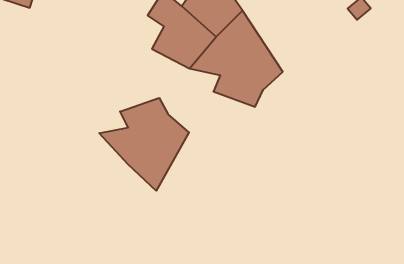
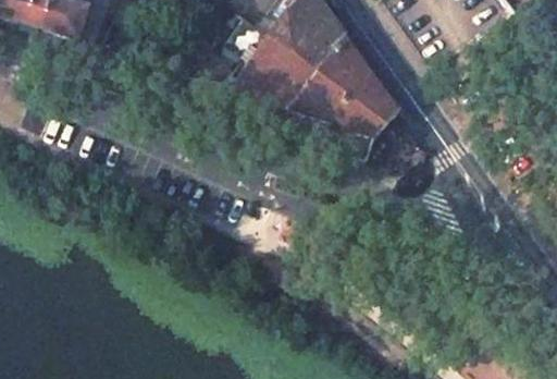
building: [99,98,189,191] -> none

